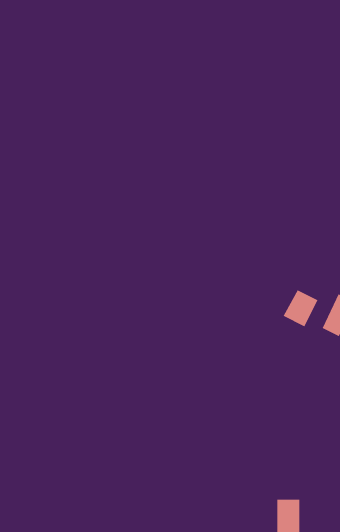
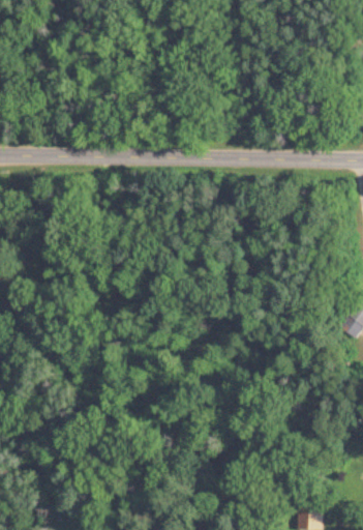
building: [283,290,318,327] -> none

